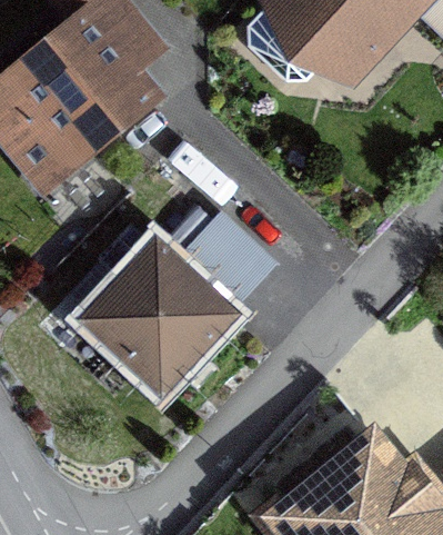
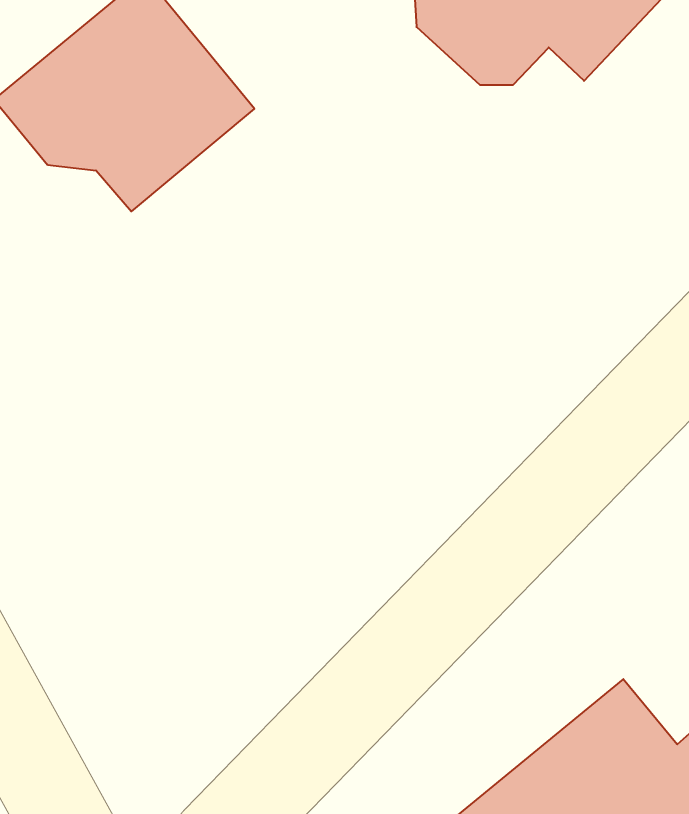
building: [89,229,256,392] -> none

